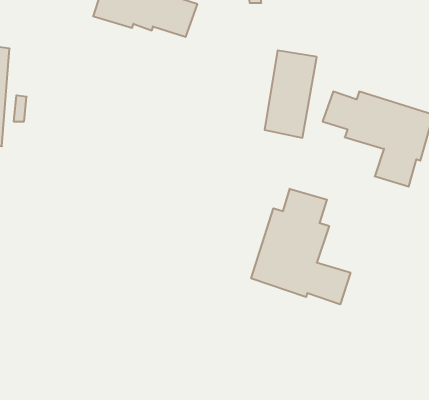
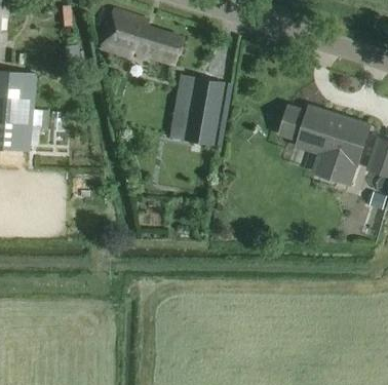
building: [265,50,317,138] -> [181,76,222,145]
building: [251,189,350,304] -> none

